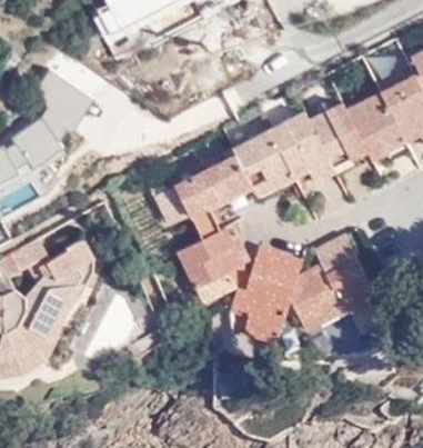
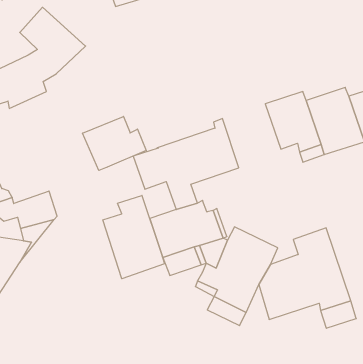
building: [232,129,294,196] -> none
building: none -> [83,116,146,170]
building: none -> [103,195,164,279]

